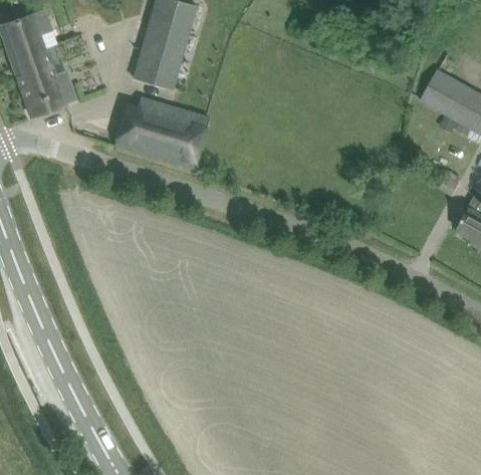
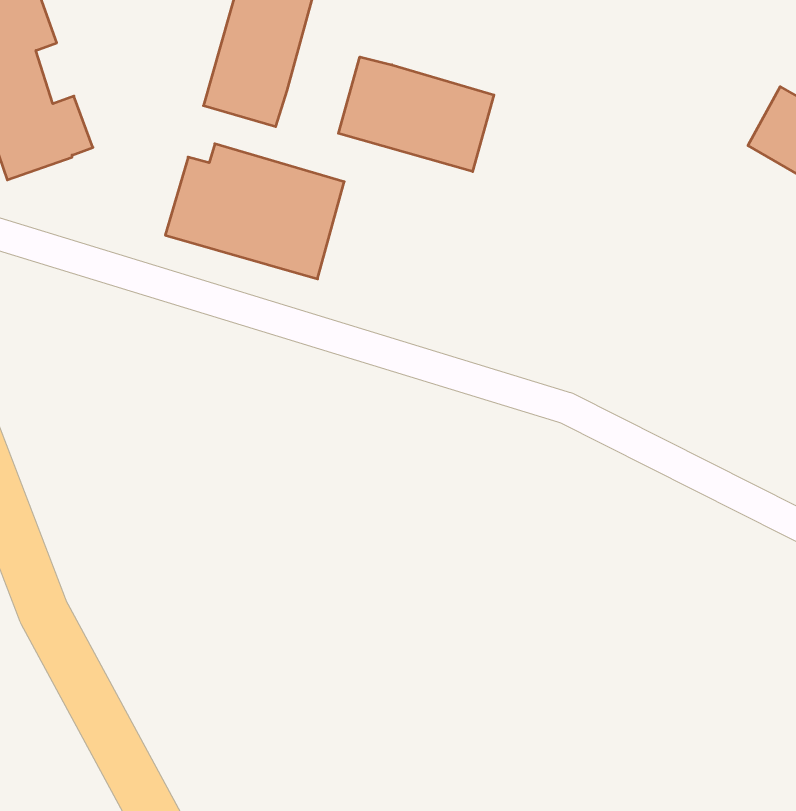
building: none -> [338,57,494,172]

